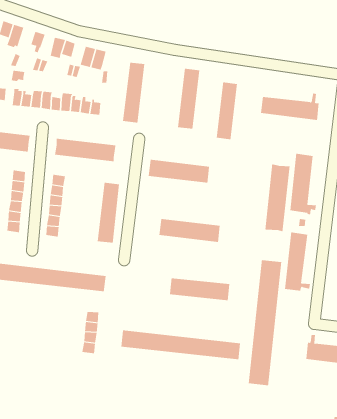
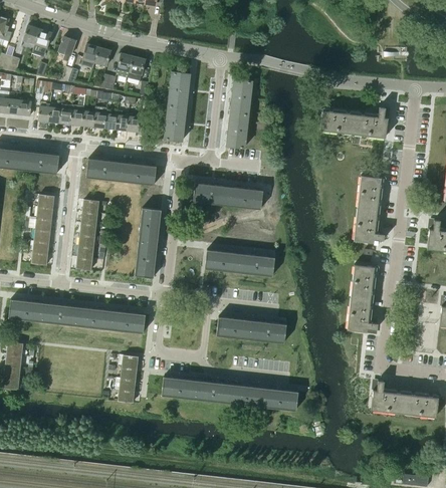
building: [216,81,238,140] -> none
building: [265,164,290,232] -> none
building: [248,259,282,386] -> none

